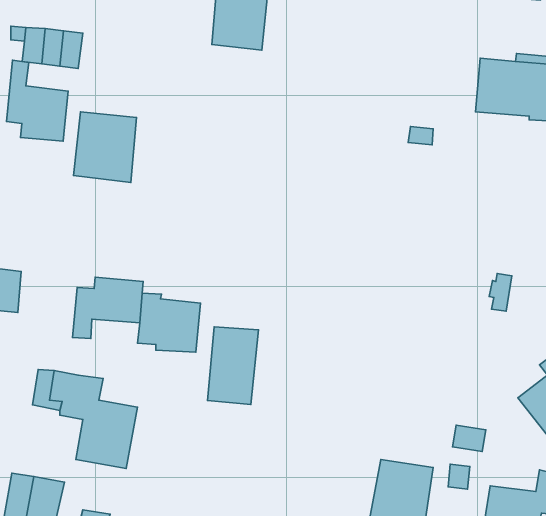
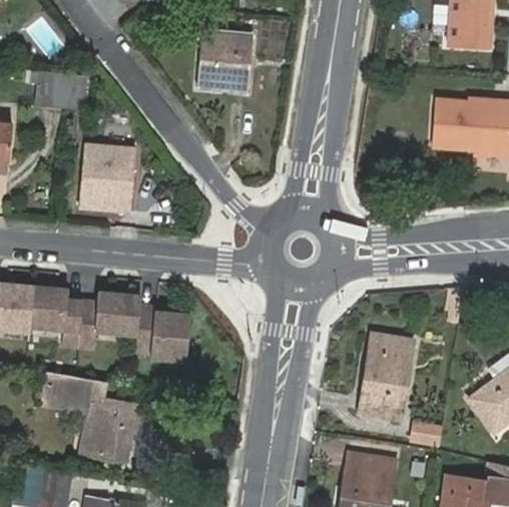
building: [7,60,68,141] -> none
building: none -> [30,288,82,346]
building: none -> [360,333,413,420]
building: [208,327,258,405] -> none

